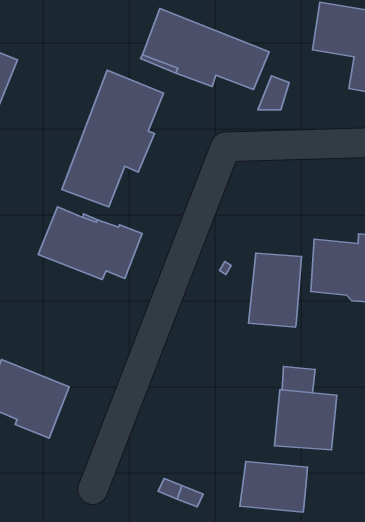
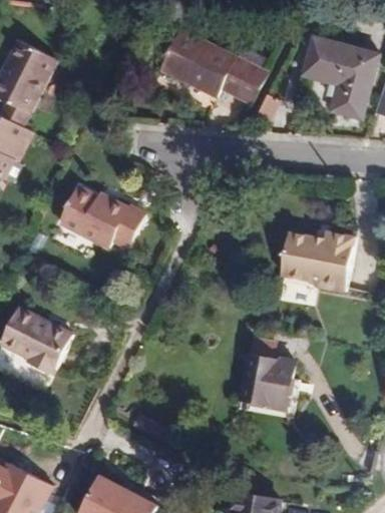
building: [62,70,163,207] -> none
building: [249,253,302,327] -> none
building: [240,461,307,512] -> none

